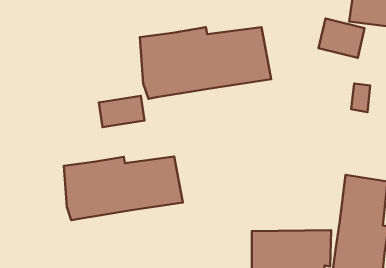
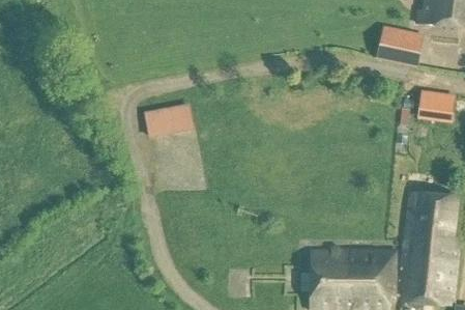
building: [140,27,271,99] -> none
building: [64,157,183,220] -> none

